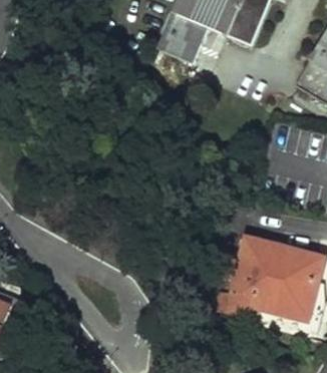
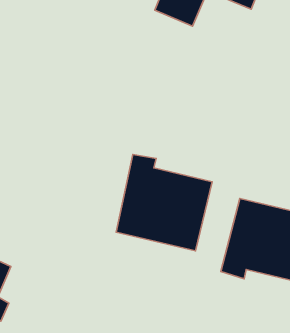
building: none -> [116,154,212,251]

